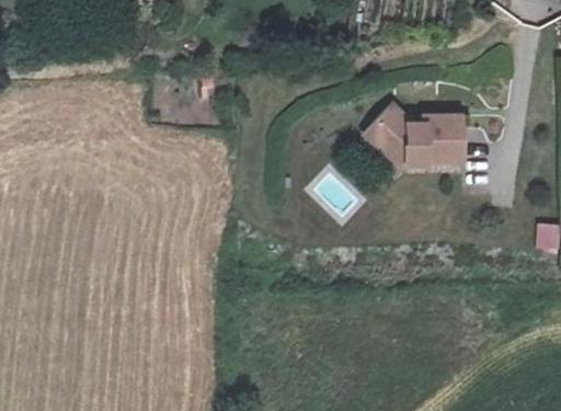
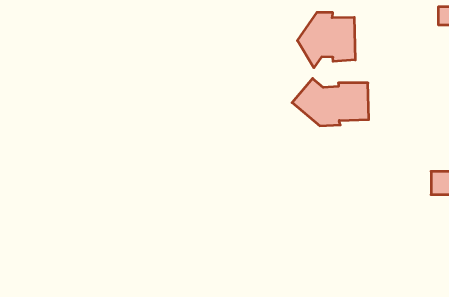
building: none -> [297,12,355,68]

